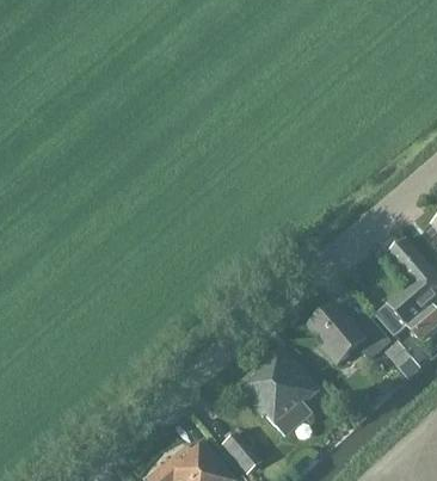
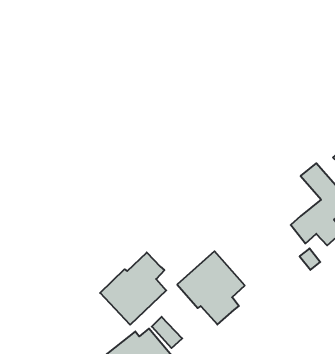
building: [312,302,392,364] -> none
building: none -> [100,252,166,325]

